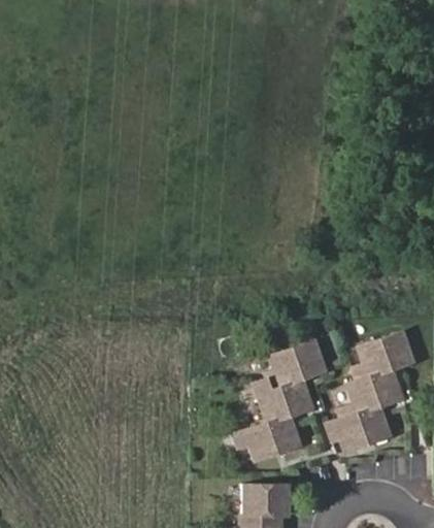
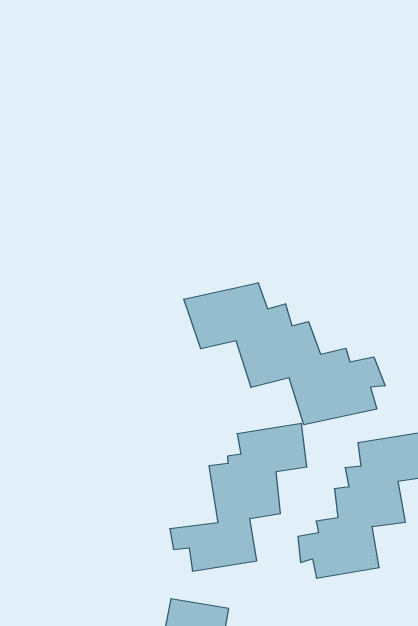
building: none -> [184,283,385,425]

